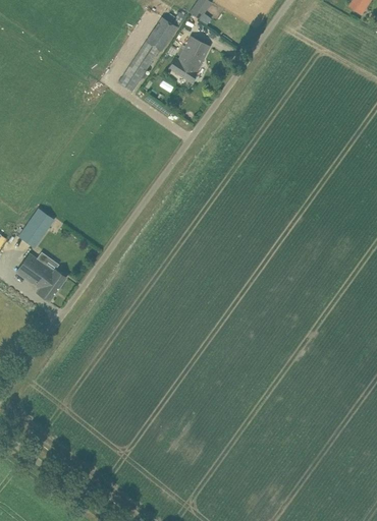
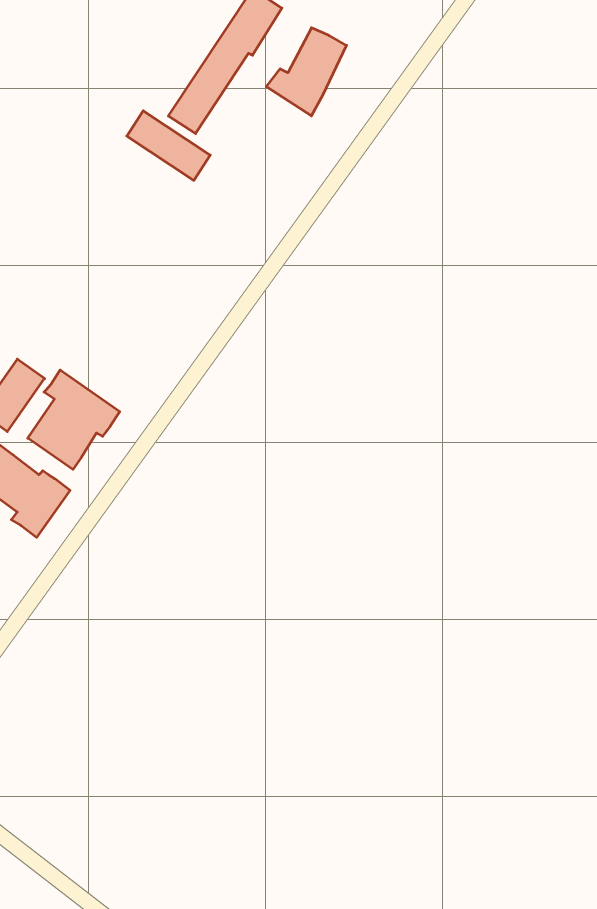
building: none -> [127,111,210,180]
building: none -> [28,370,120,469]

